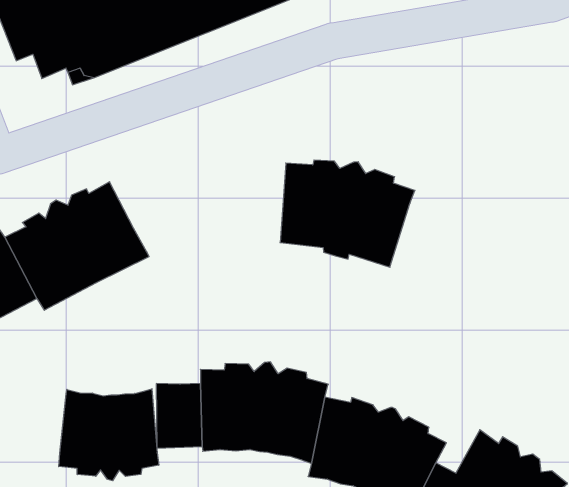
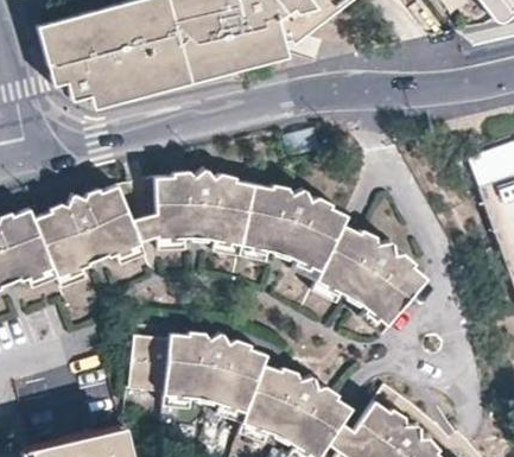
building: none -> [132,169,252,245]
building: none -> [318,226,425,325]
building: [59,389,159,481] -> none

